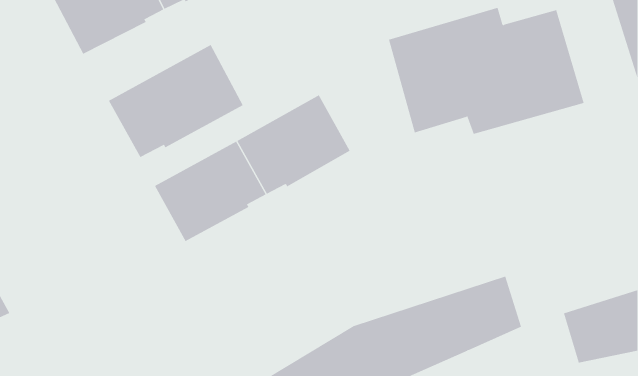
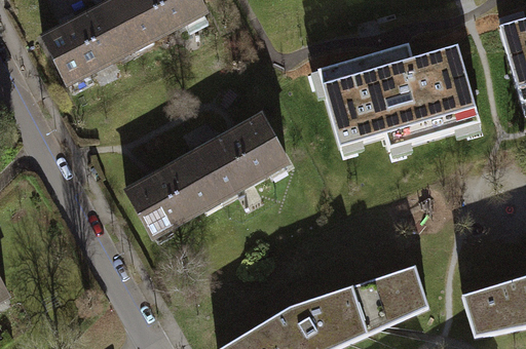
building: [108,44,244,158] -> none

